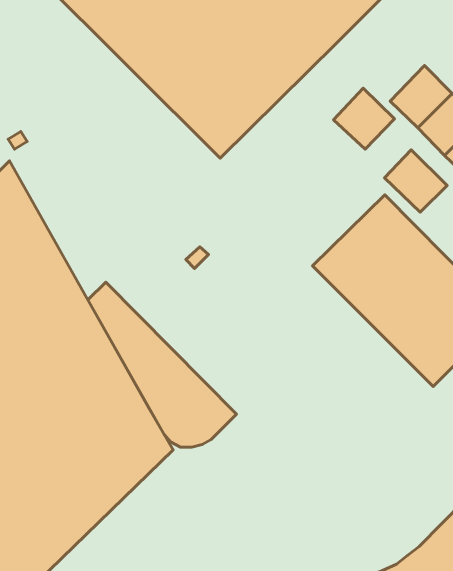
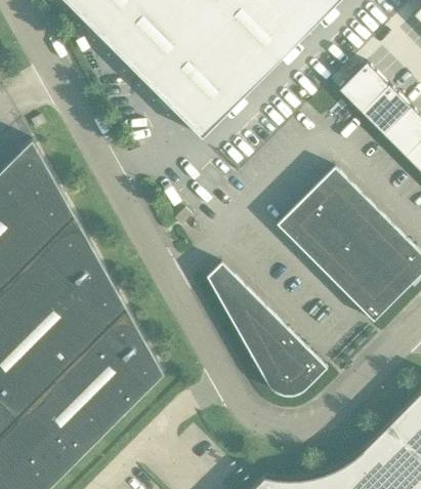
building: [333,88,395,149] -> none
building: [384,150,447,212] -> none
building: [88,282,236,447] -> [207,261,327,395]

